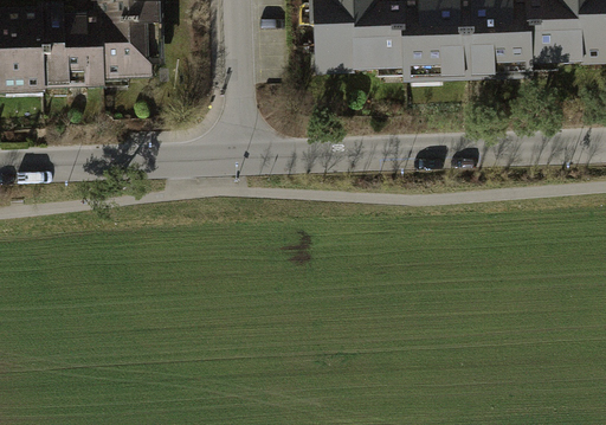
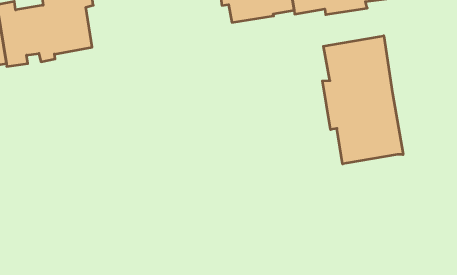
building: none -> [322,36,403,164]

